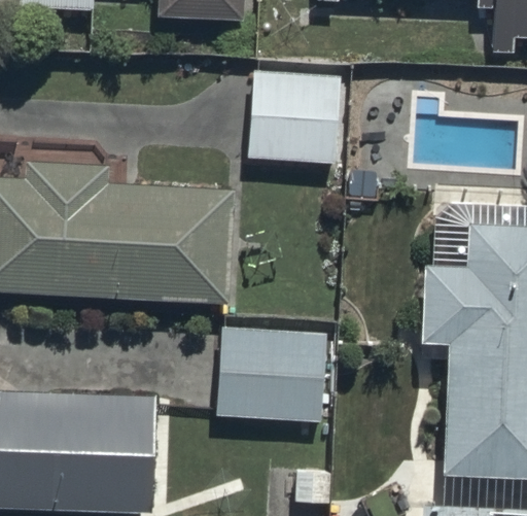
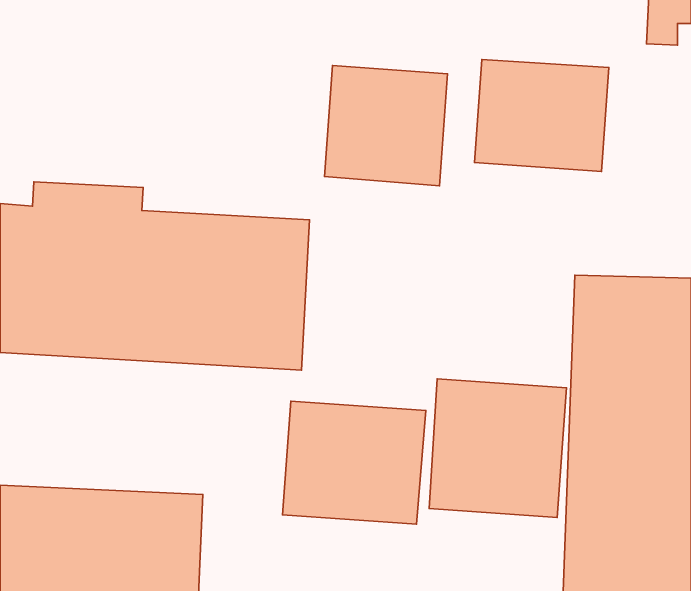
building: none -> [474,59,609,171]
building: none -> [429,379,567,517]

